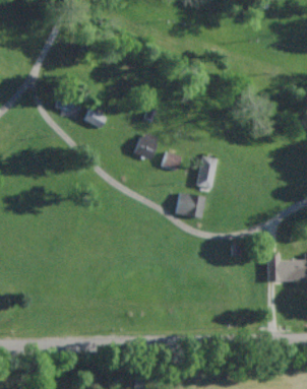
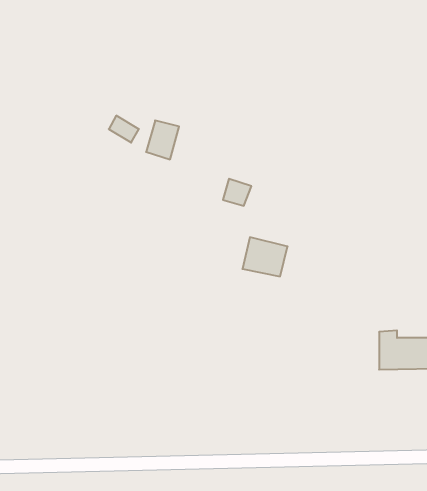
building: [134,133,157,159] -> [146,120,179,159]
building: [196,156,217,188] -> none

